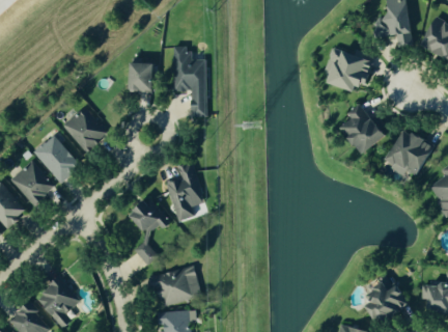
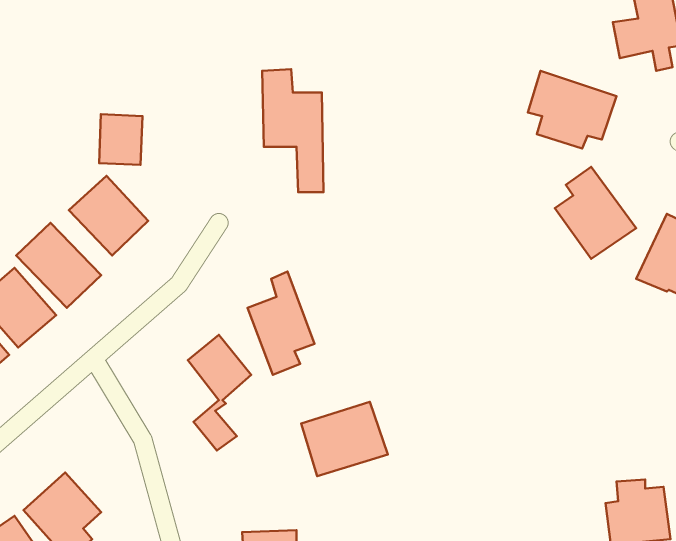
building: [131,62,156,91] -> [99,114,142,165]
building: [151,265,201,307] -> [301,402,388,476]

